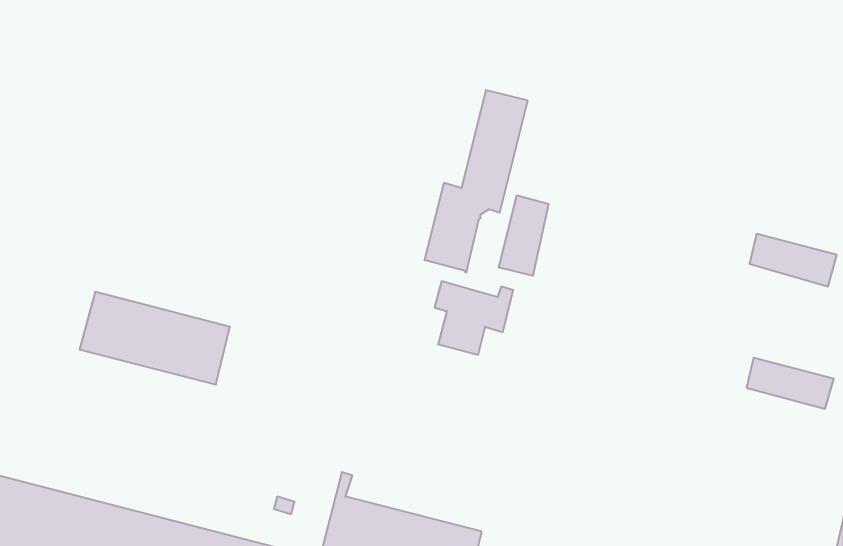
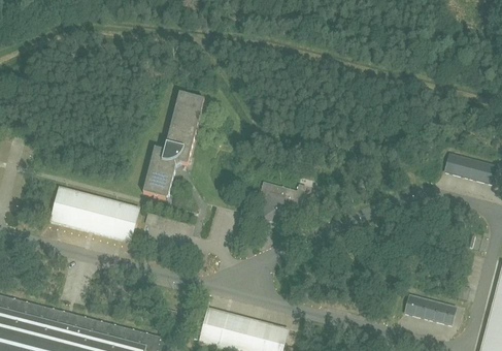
building: [425,90,528,272] -> [142,92,203,199]
building: [499,195,548,276] -> none
building: [747,358,834,409] -> [404,294,456,324]

